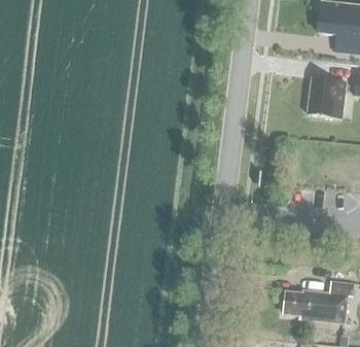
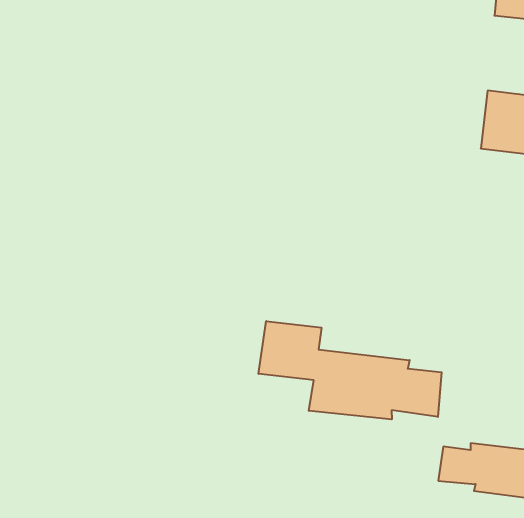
building: none -> [259,321,442,419]

